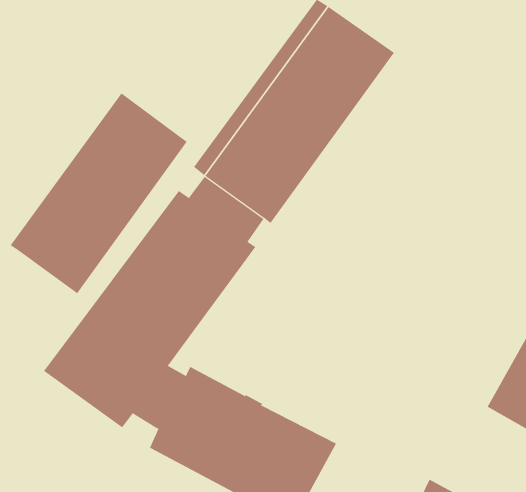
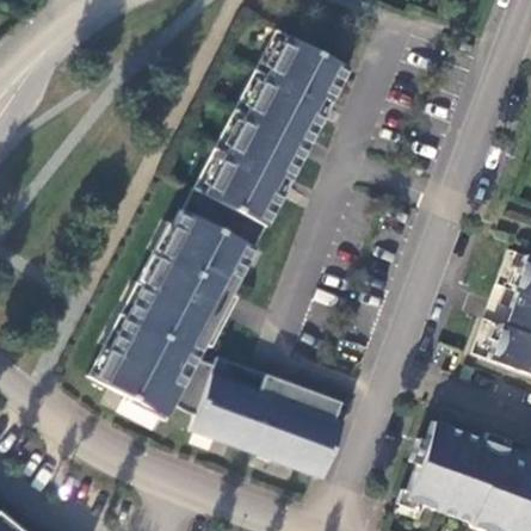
building: [10,92,187,294] -> none

